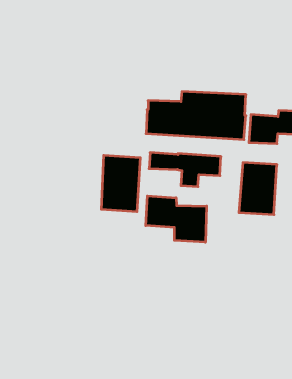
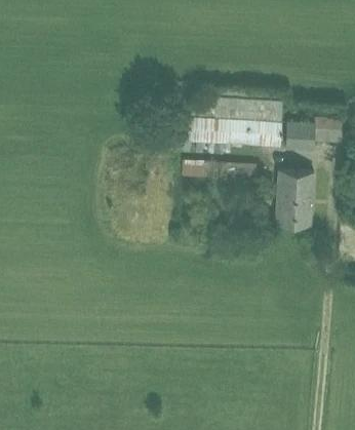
building: [101,155,140,212] -> none
building: [146,196,207,242] -> none

